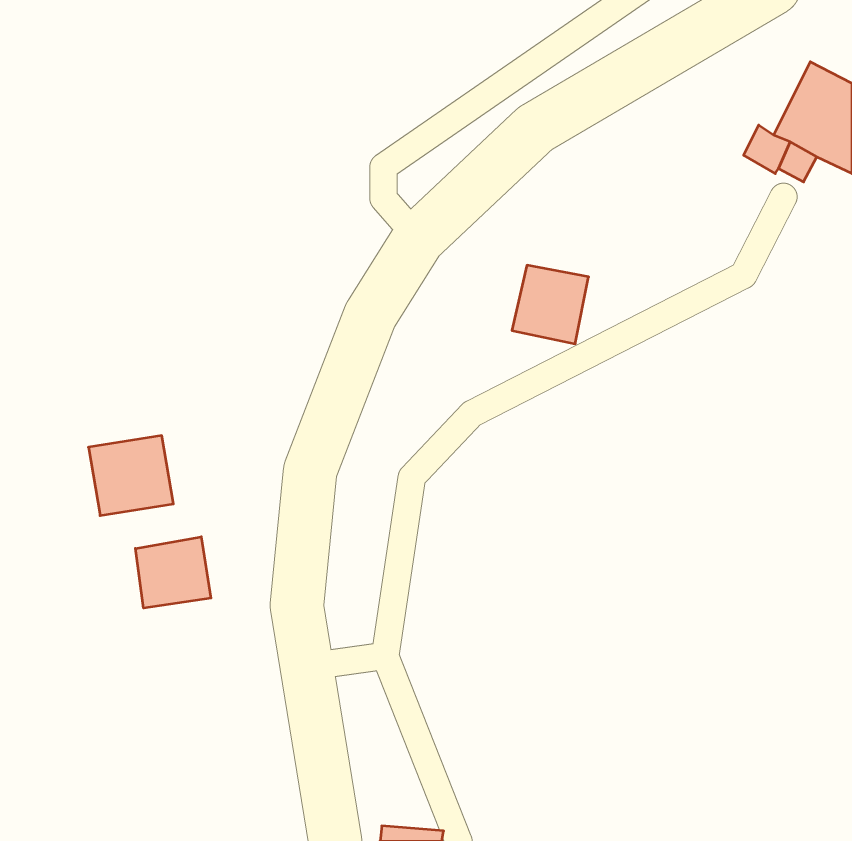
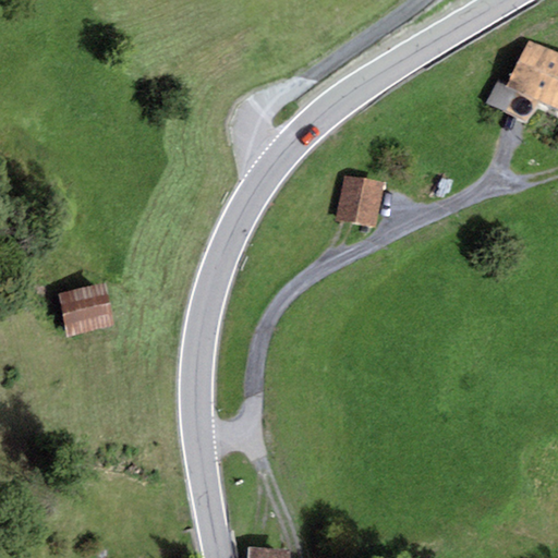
building: [135,537,211,608] -> none

